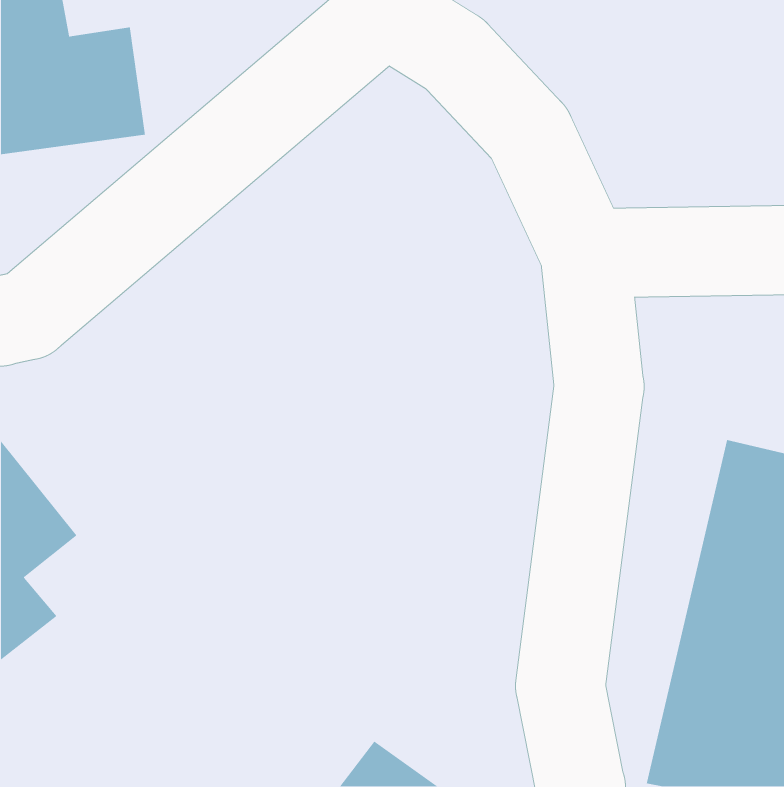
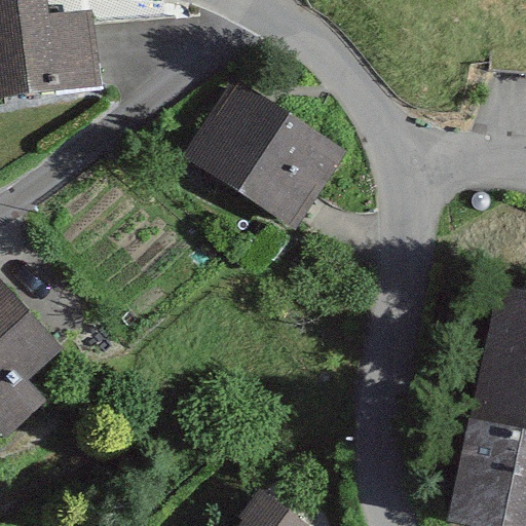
building: none -> [189,84,347,224]

